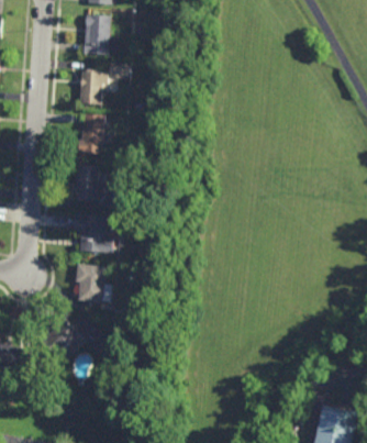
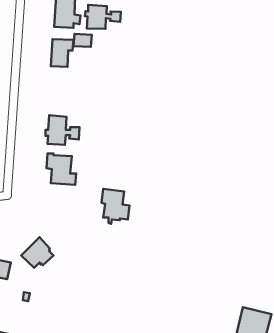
building: none -> [85,5,121,29]
building: [78,114,104,154] -> none
building: [75,265,110,309] -> [102,189,129,224]

